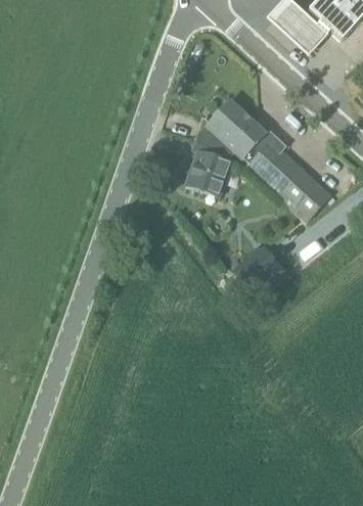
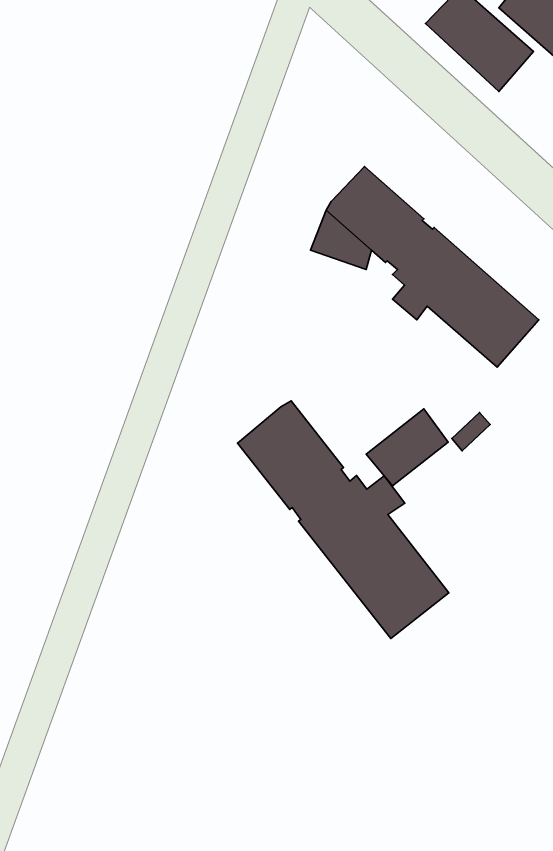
building: [187,147,233,192] -> none
building: none -> [238,401,449,639]

